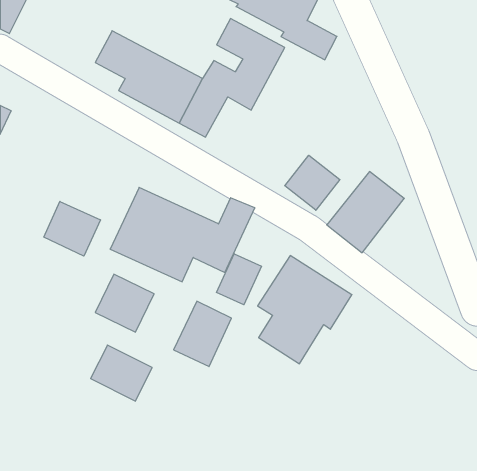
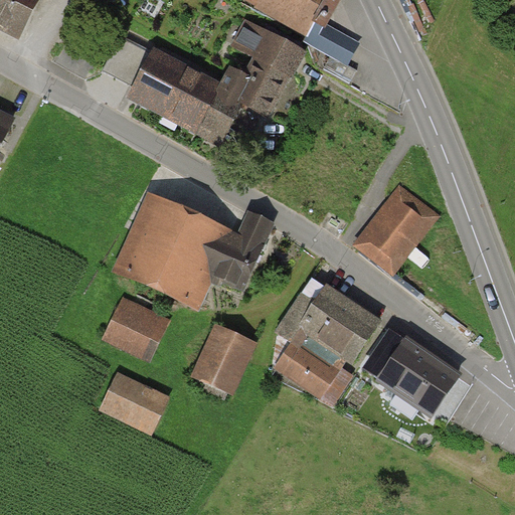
building: [285,155,340,210] -> none
building: [44,201,100,256] -> none
building: [217,254,261,305] -> none
building: none -> [369,332,458,413]

